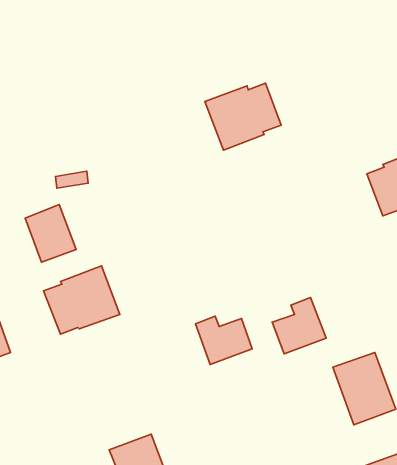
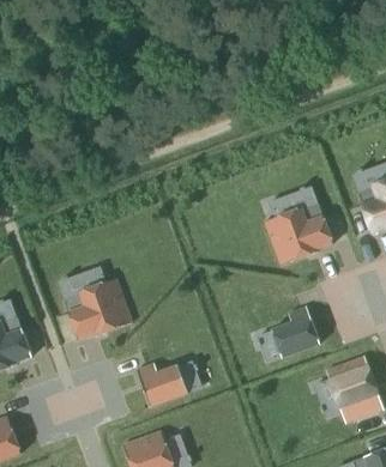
building: [205,83,281,150] -> [264,204,333,265]
building: [25,205,76,262] -> none
building: [196,316,252,365] -> [135,362,187,406]

